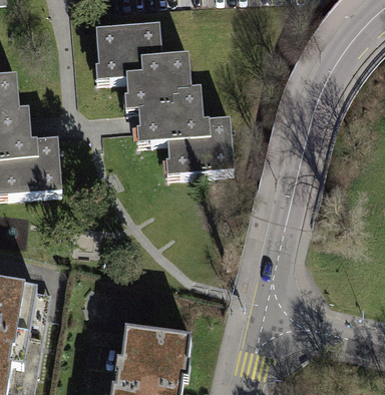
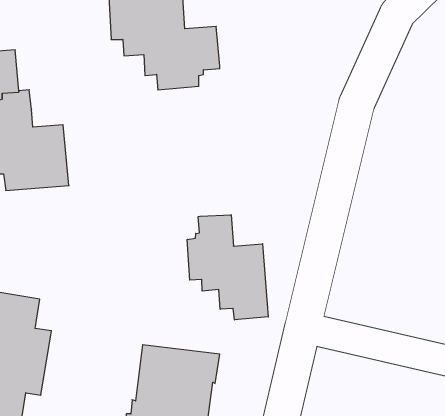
building: [137,85,233,171] -> none
building: none -> [187,215,268,320]

